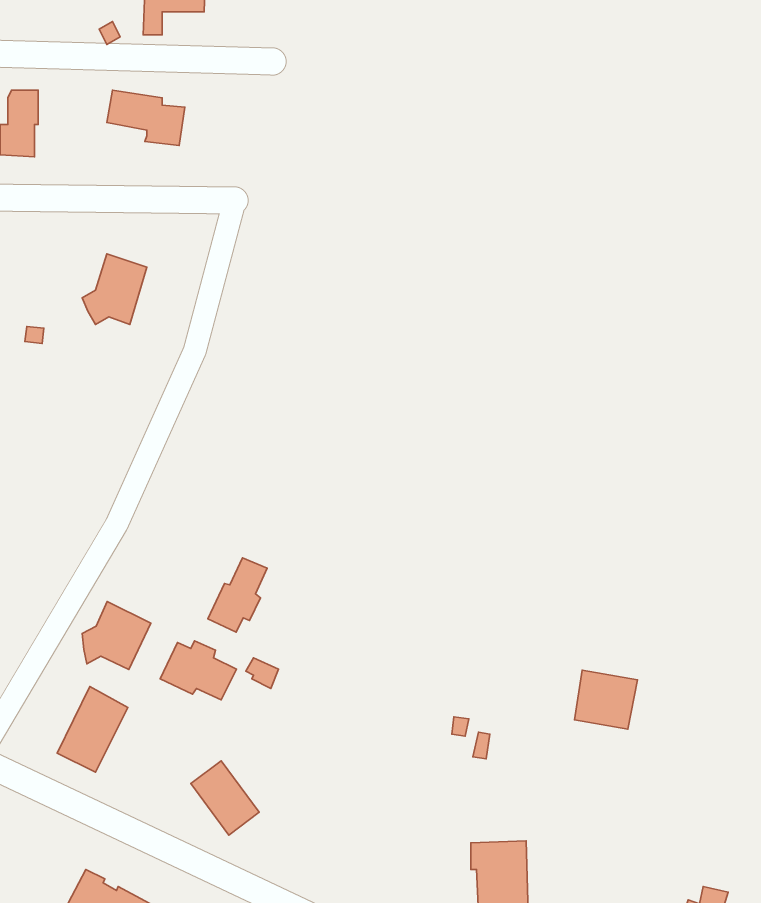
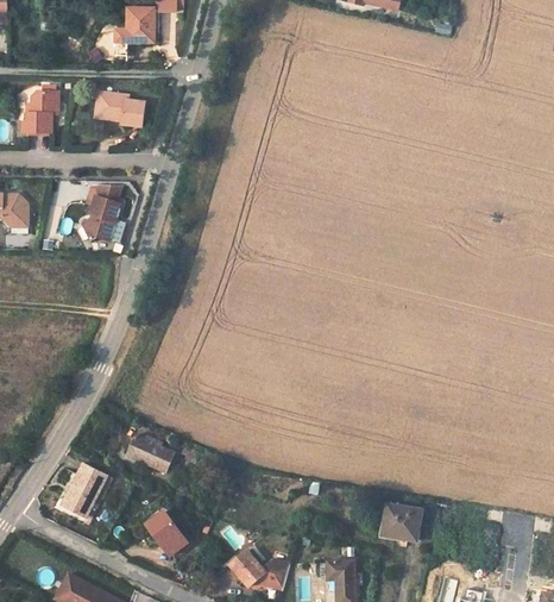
building: [208,558,267,632] -> none
building: [82,601,151,670] -> none
building: [575,670,637,729] -> [383,504,422,541]
building: none -> [228,551,289,590]

